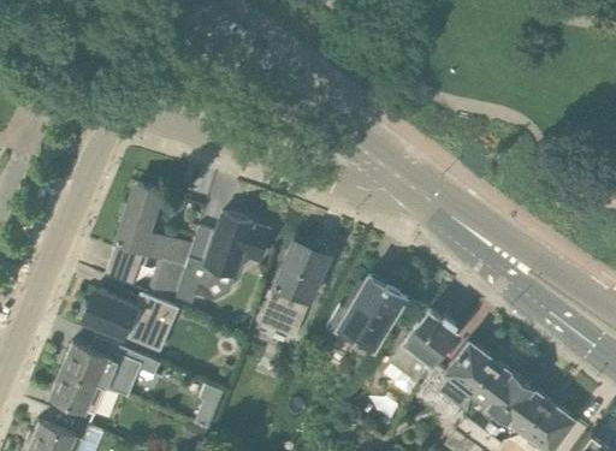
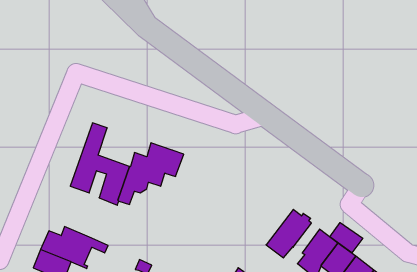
building: [261,239,331,340] -> none
building: [326,277,415,356] -> none
building: [81,291,180,348] -> none
building: none -> [330,223,363,253]

